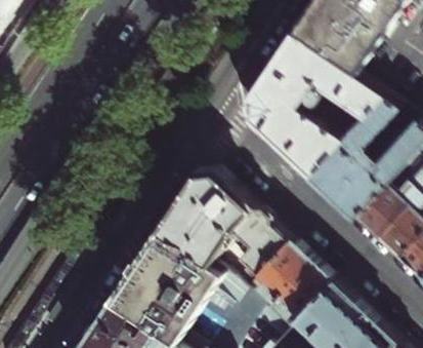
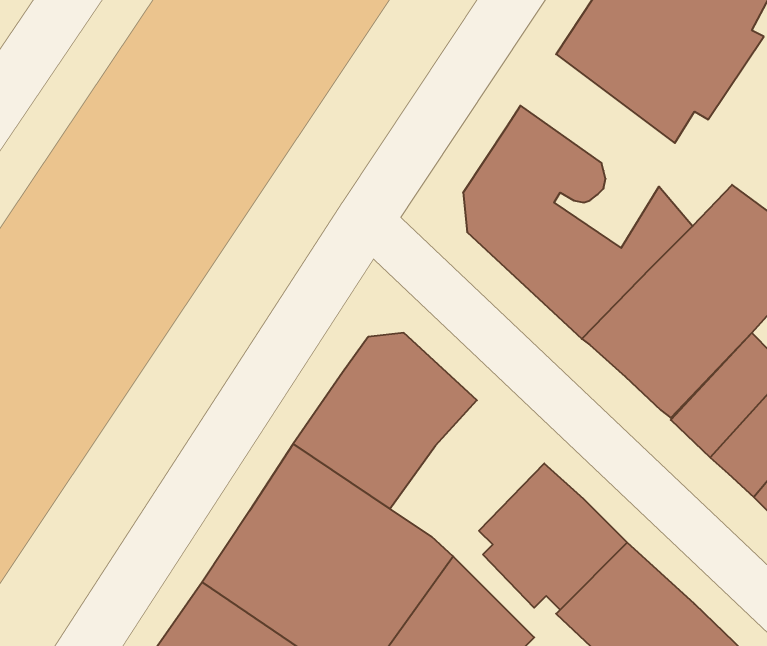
building: [280,33,389,122] -> none
building: [234,212,292,294] -> none

